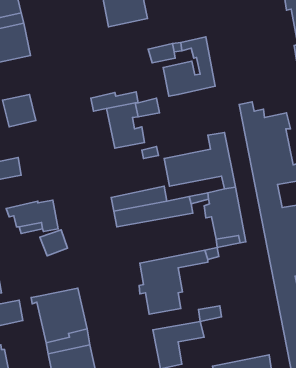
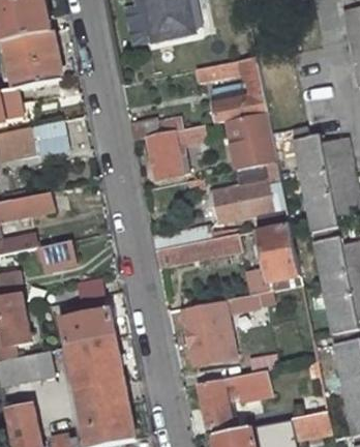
building: none -> [222,112,277,172]
building: none -> [60,297,114,347]

